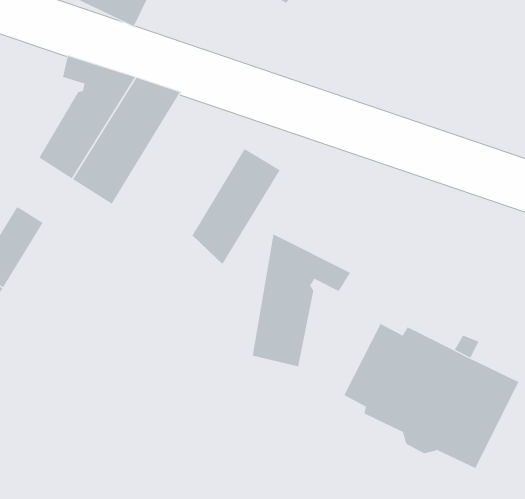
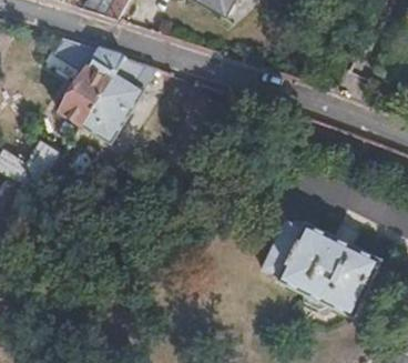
building: [192,148,281,265] -> none
building: [252,234,351,367] -> none

